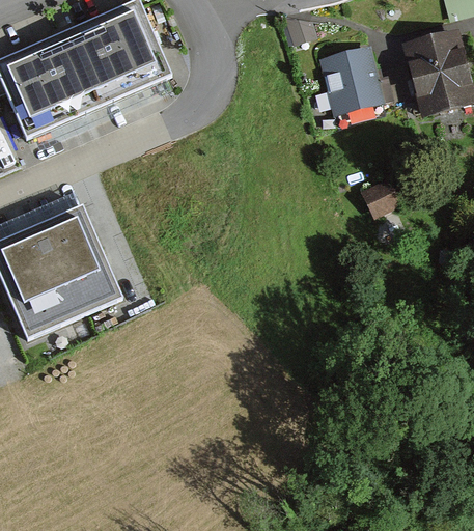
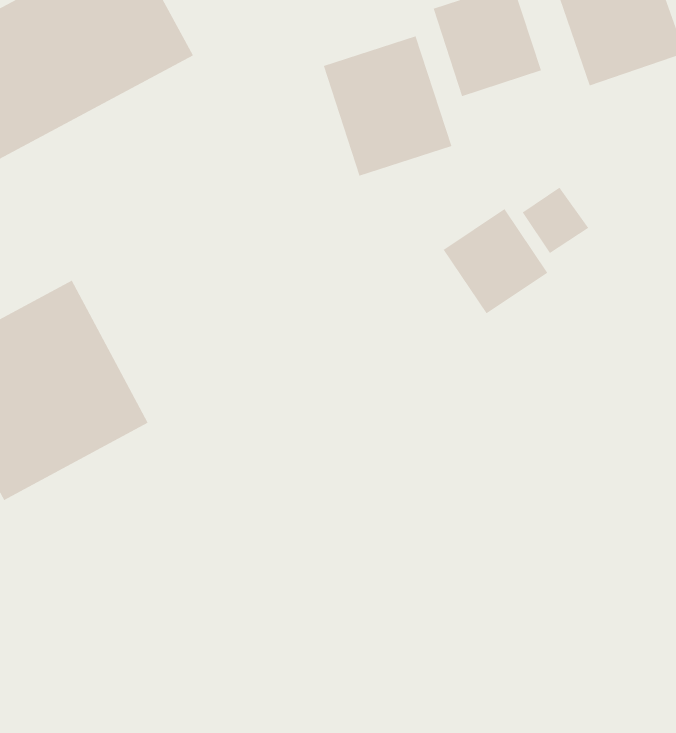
building: none -> [323,35,452,176]
building: none -> [443,208,548,314]

